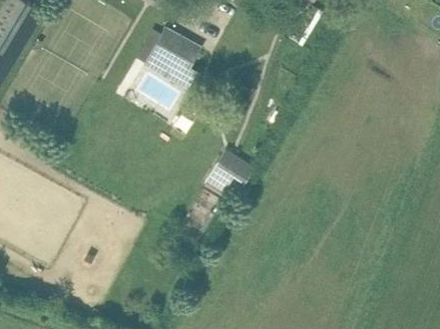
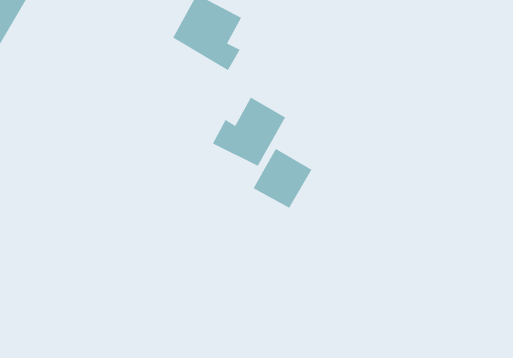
building: none -> [212,96,286,167]

